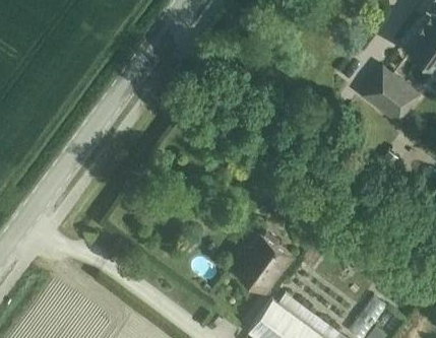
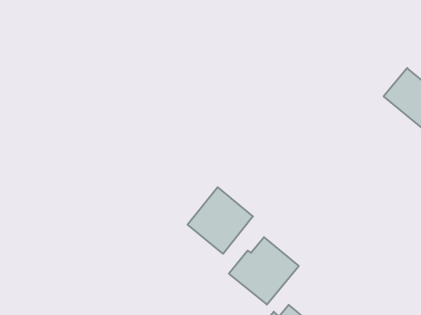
building: none -> [188,187,253,254]

